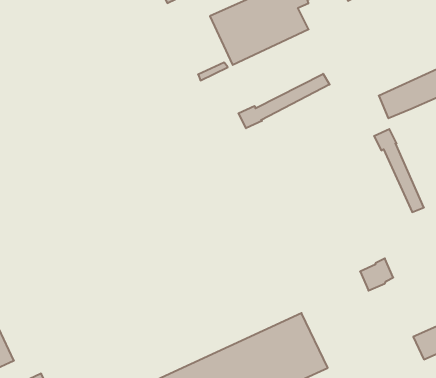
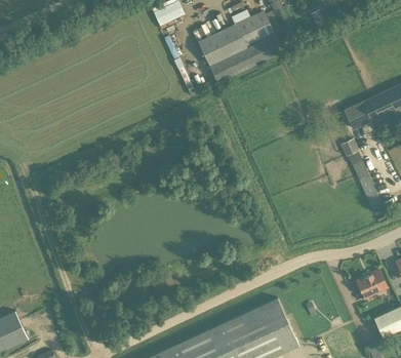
building: [238,74,330,128] -> none
building: [360,258,393,291] -> [356,269,385,296]

